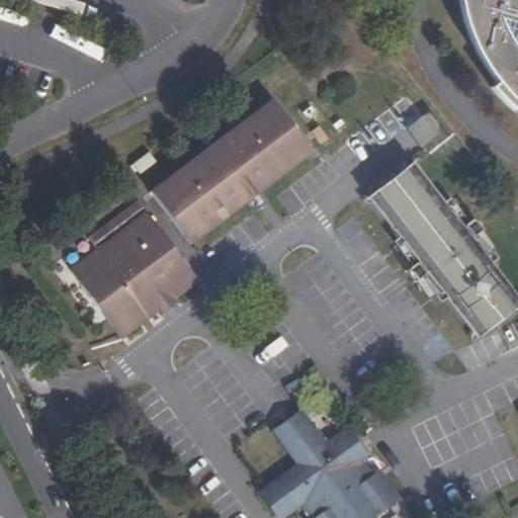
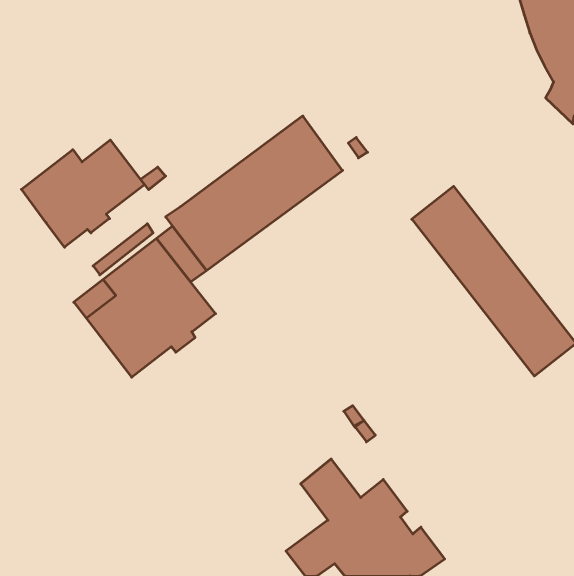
building: none -> [21,140,145,247]

